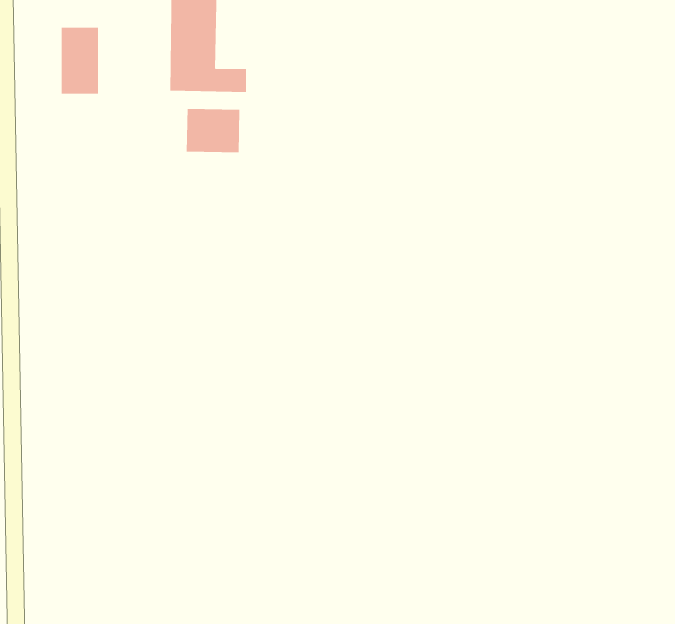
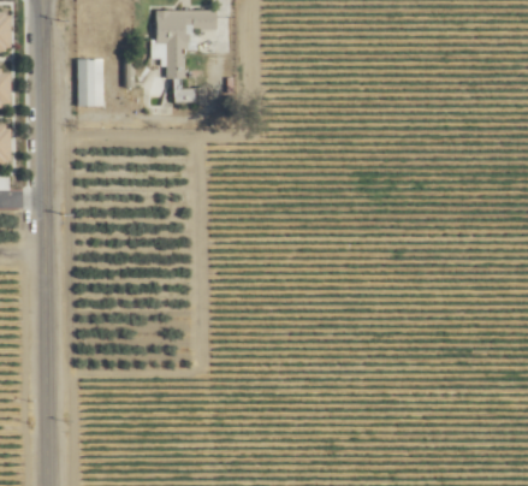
building: [186,108,240,153] -> none

